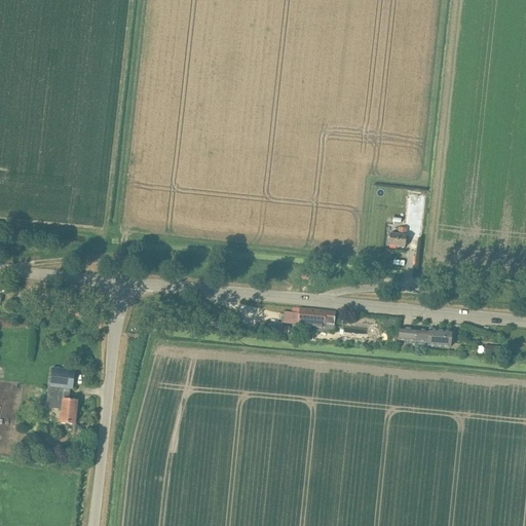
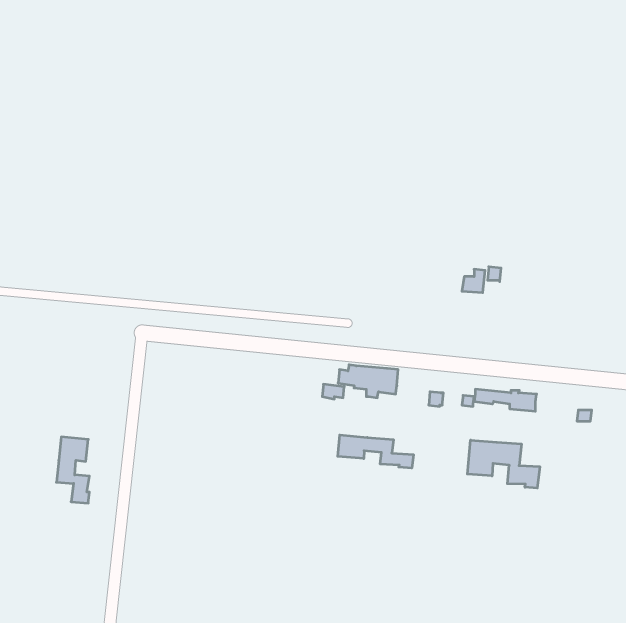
building: none -> [338,435,413,468]
building: none -> [467,440,540,488]

